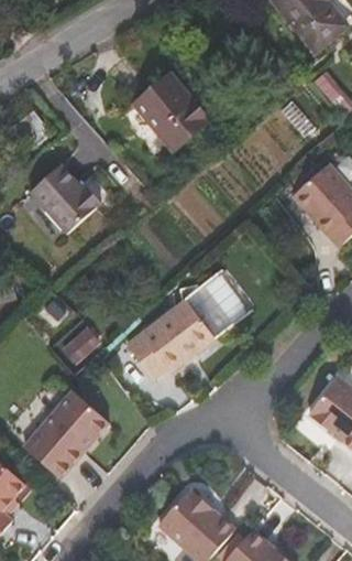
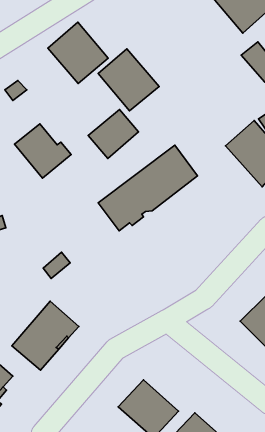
building: none -> [48,22,108,84]
building: none -> [88,109,139,158]
building: [127,272,252,380] -> [98,145,198,231]

